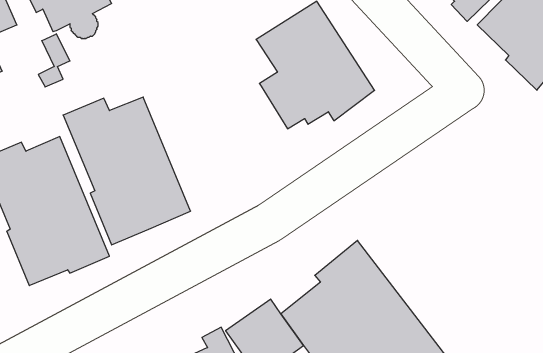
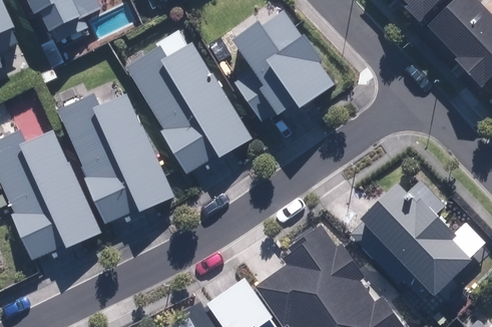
building: none -> [126,42,254,176]
building: none -> [352,178,470,296]

